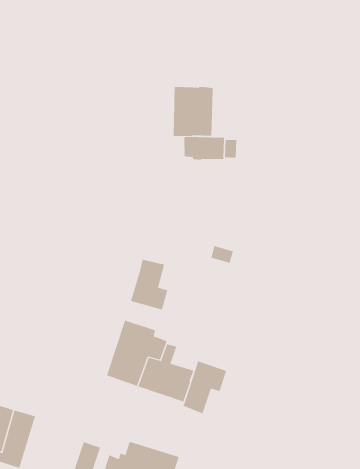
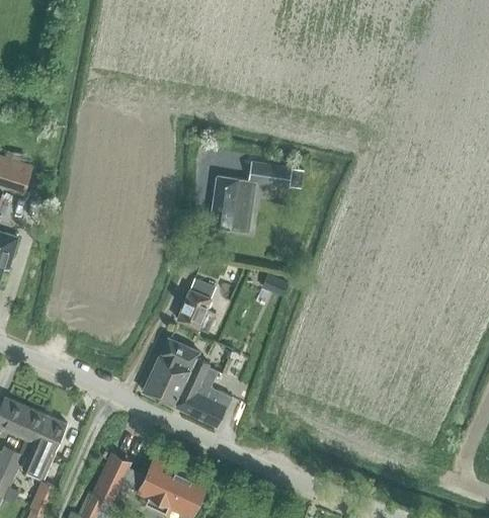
building: [173,87,214,137] -> [209,177,255,232]
building: [183,361,227,414] -> none

